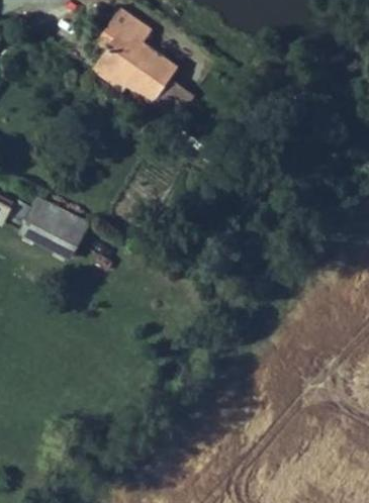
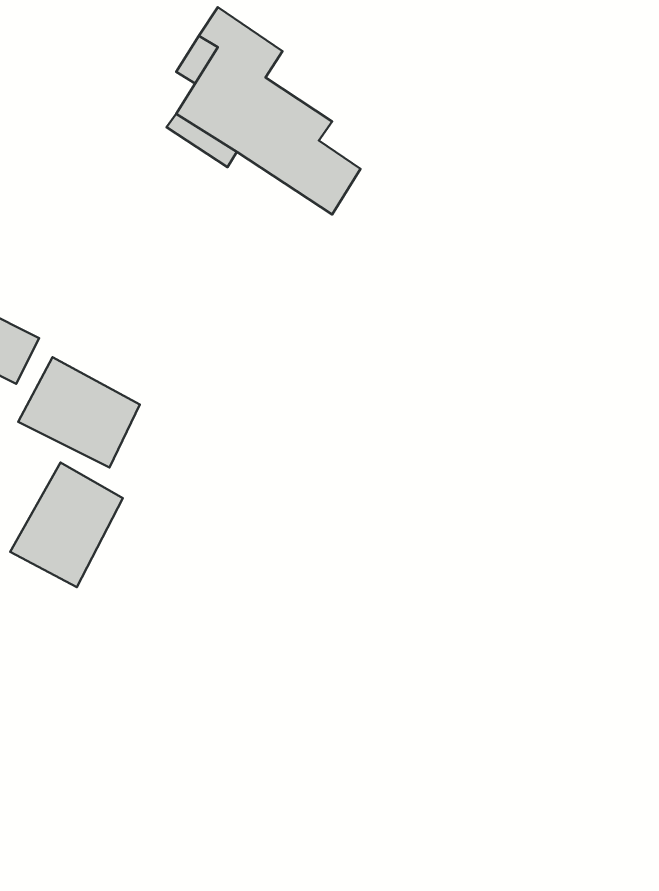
building: none -> [10,463,123,587]

